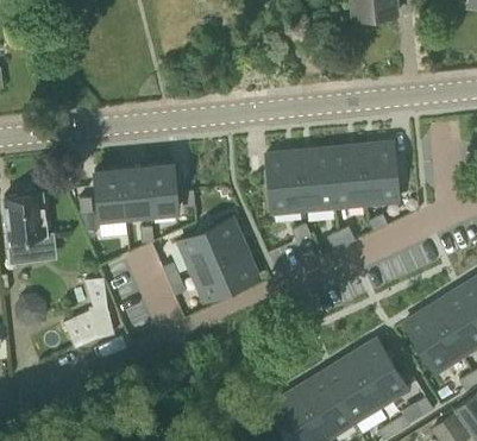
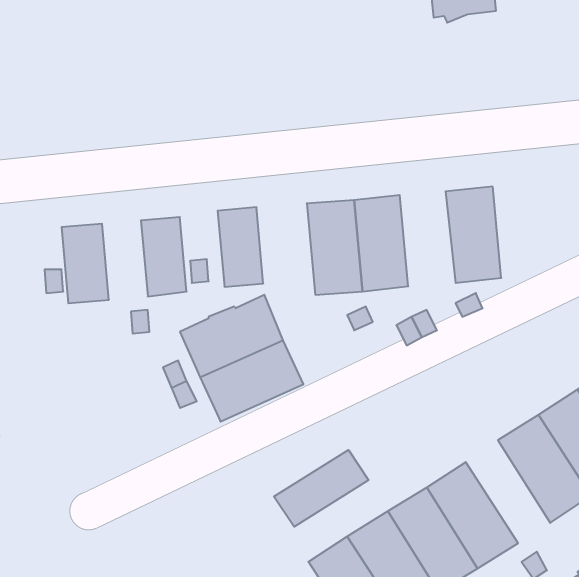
building: [329,144,369,210] -> none
building: [120,164,152,220] -> [218,207,263,287]
building: [64,281,114,349] -> none
building: none -> [274,450,368,527]

